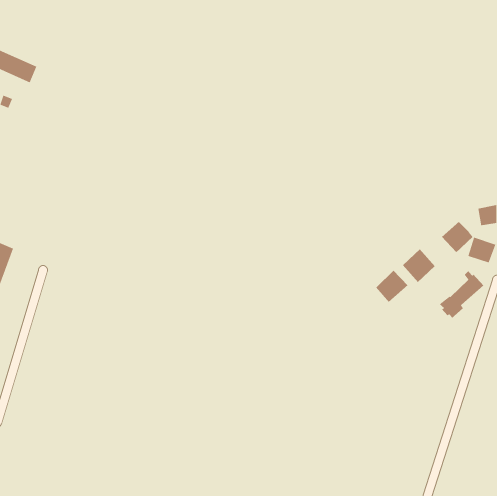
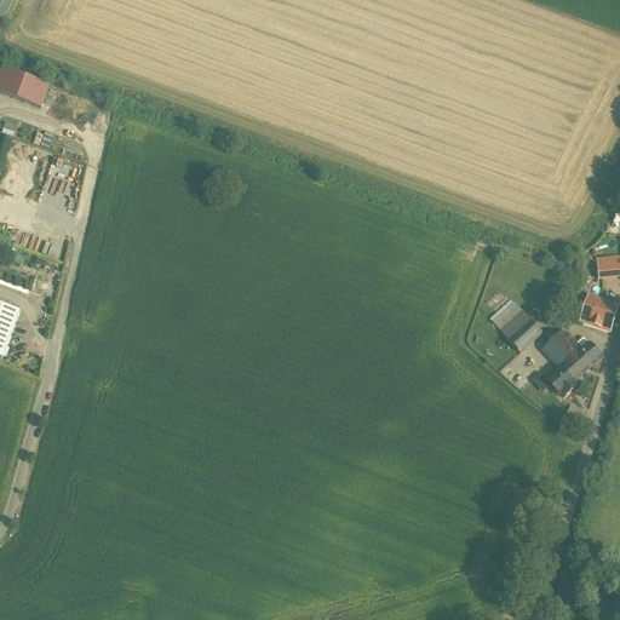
building: [441,221,474,253] -> [539,327,579,367]
building: [375,270,408,303] -> none

